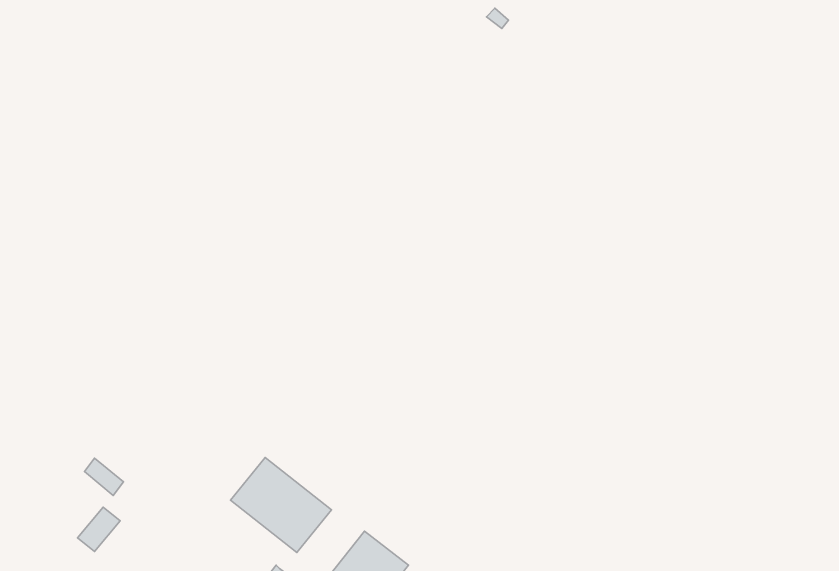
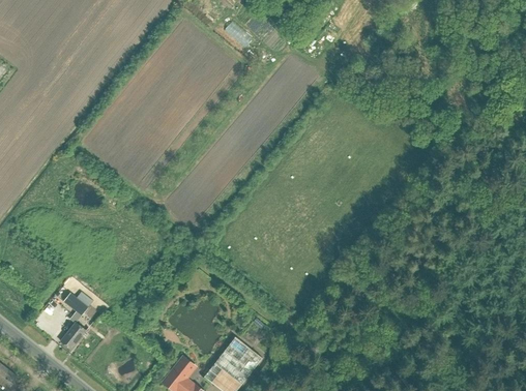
building: [230,457,331,553] -> none

